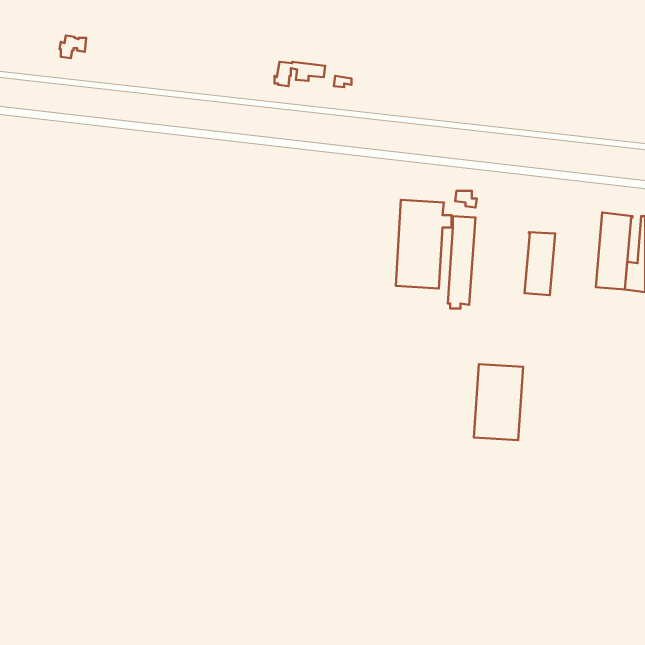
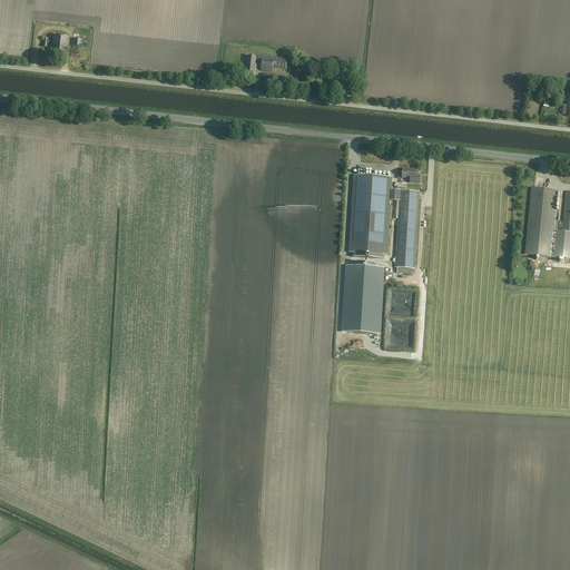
building: [525,232,555,295] -> none
building: [474,364,523,440] -> [341,265,384,332]

